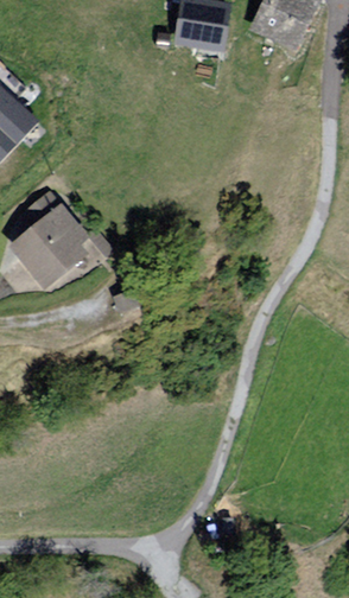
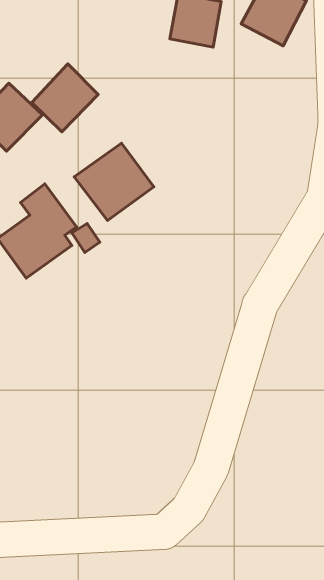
building: none -> [32,64,98,132]
building: none -> [74,143,154,221]

